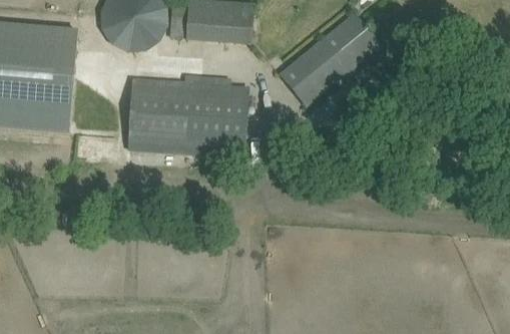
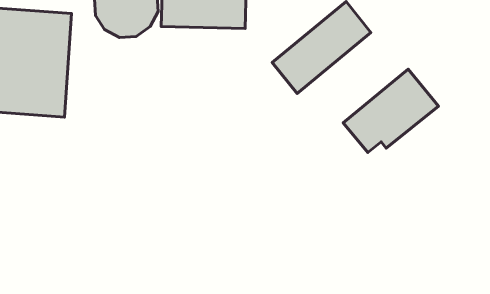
building: [128,75,247,156] -> none
building: none -> [343,69,439,152]

